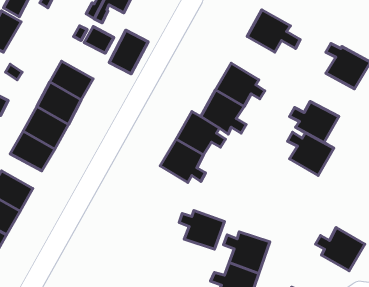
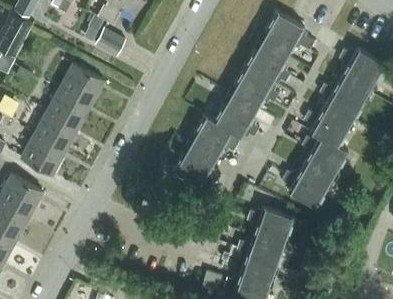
building: [109,30,148,74] -> none
building: none -> [244,40,290,84]
building: none -> [321,77,369,121]
building: [179,211,225,249] -> [247,209,293,248]
building: [316,228,365,271] -> [282,164,332,208]

